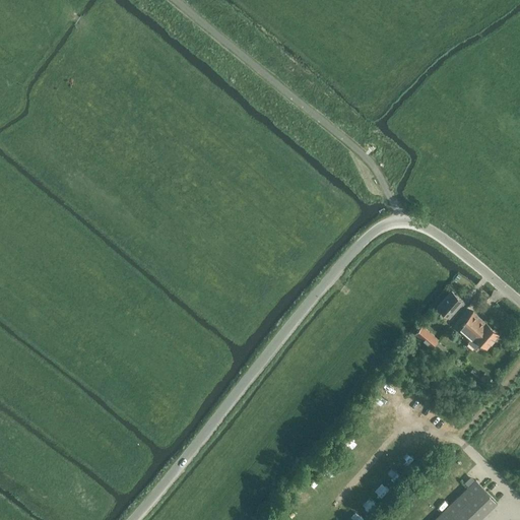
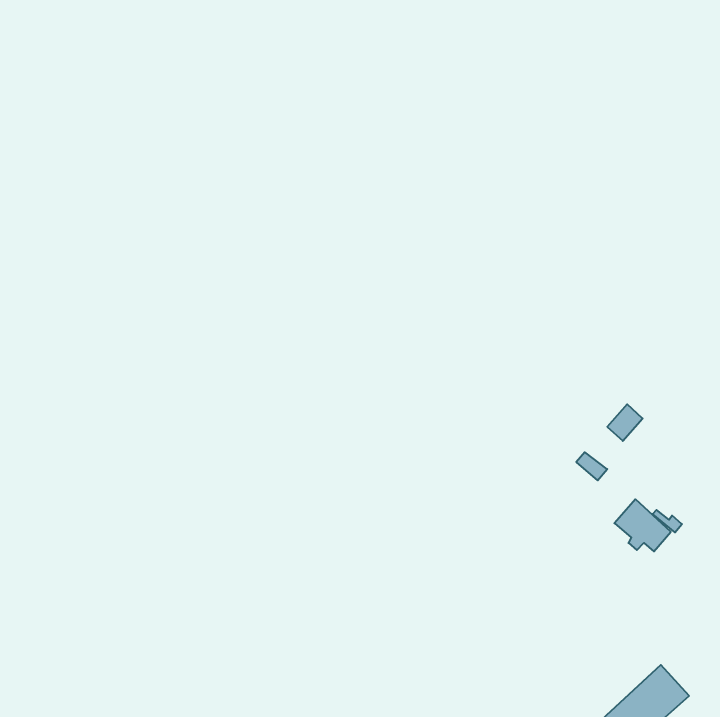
building: [458,313,499,350] -> [614,499,671,551]

